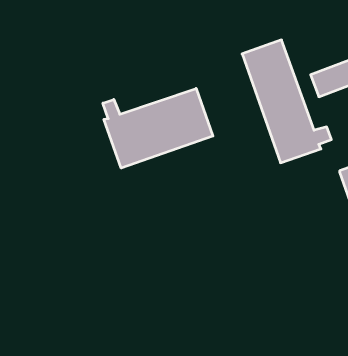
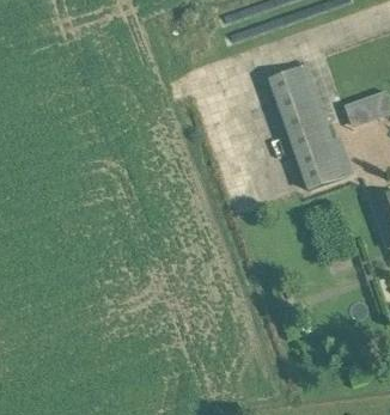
building: [103,88,213,168] -> none

